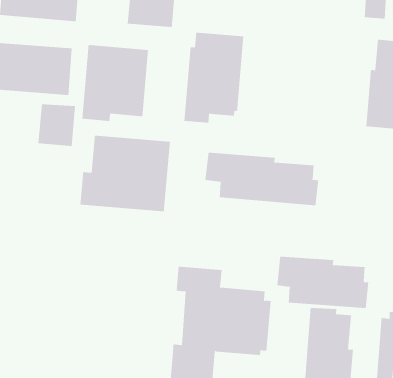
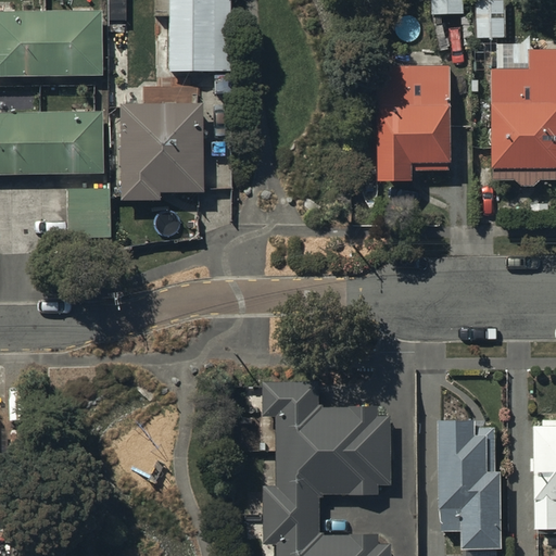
building: [184,32,244,123] -> [379,65,448,182]
building: [80,135,170,212] -> none
building: [205,152,319,206] -> none
building: [277,256,369,309] -> none

